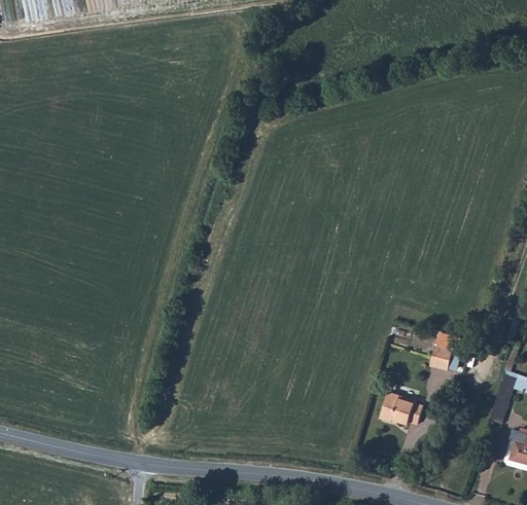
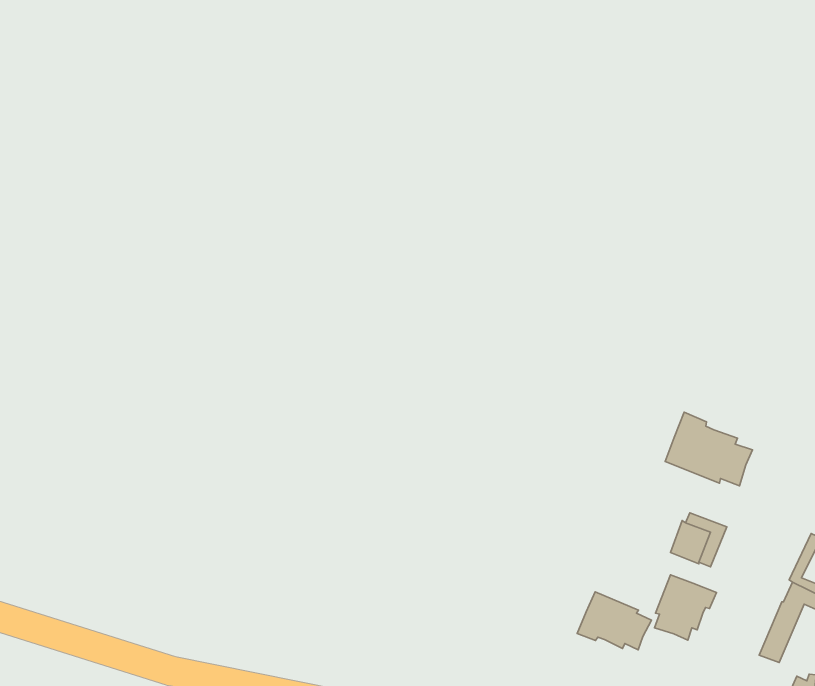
building: none -> [665,412,753,486]
building: none -> [655,575,717,640]

